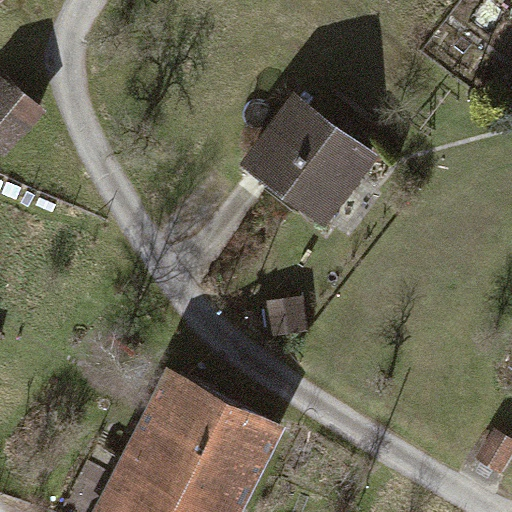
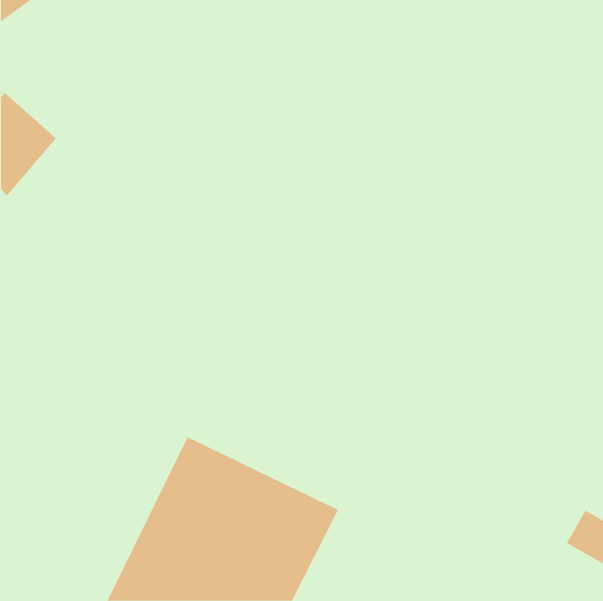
building: [238,96,376,231] -> none

